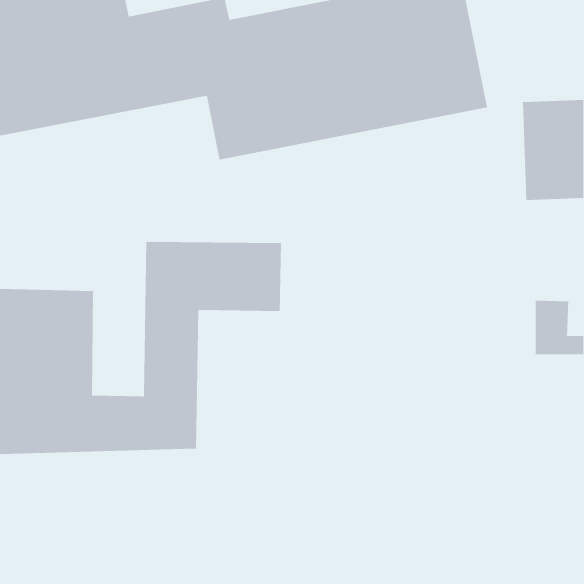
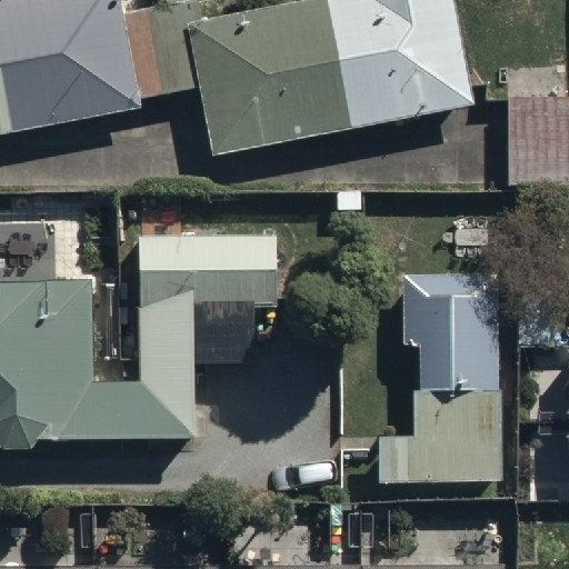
building: none -> [381,272,499,483]

